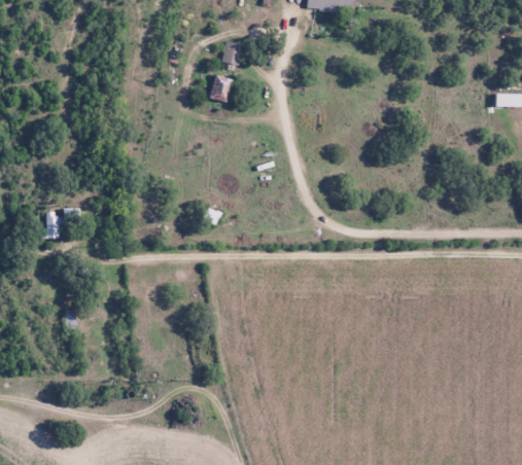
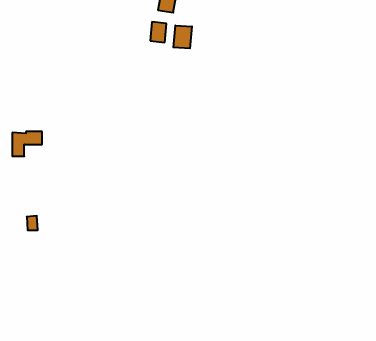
building: none -> [173,25,192,48]

